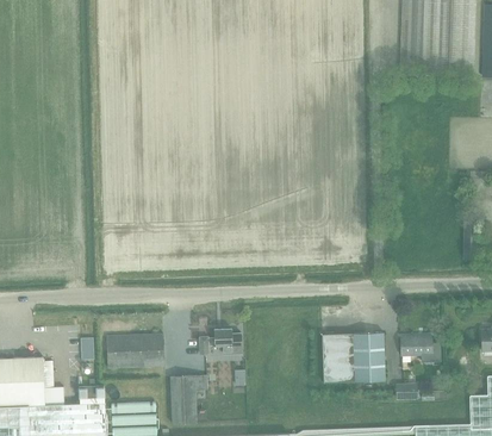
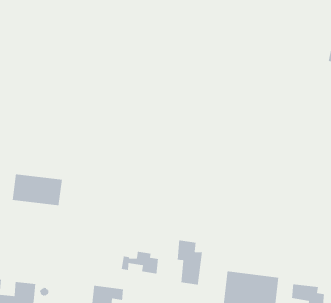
building: none -> [177,239,203,286]
building: [107,334,164,368] -> [12,173,63,206]

